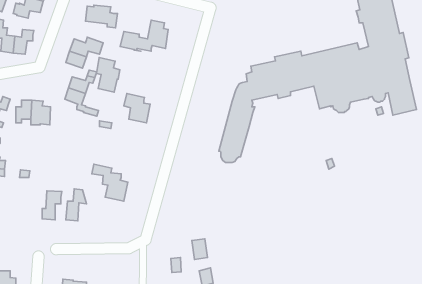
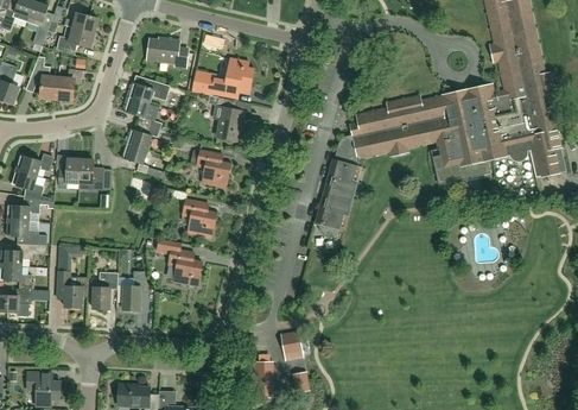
building: [96,57,120,92] -> [214,96,243,140]
building: none -> [182,198,215,236]
building: none -> [57,271,88,308]

